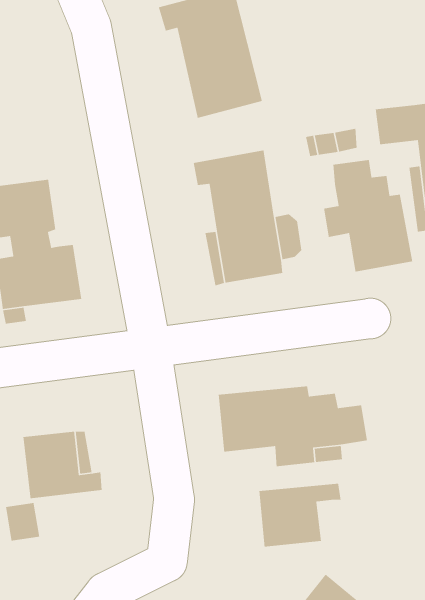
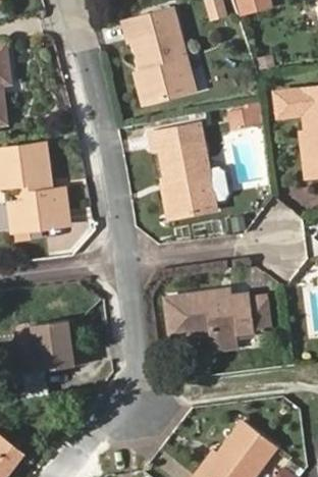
building: [323,159,413,272] -> none
building: [258,483,341,547] -> none

